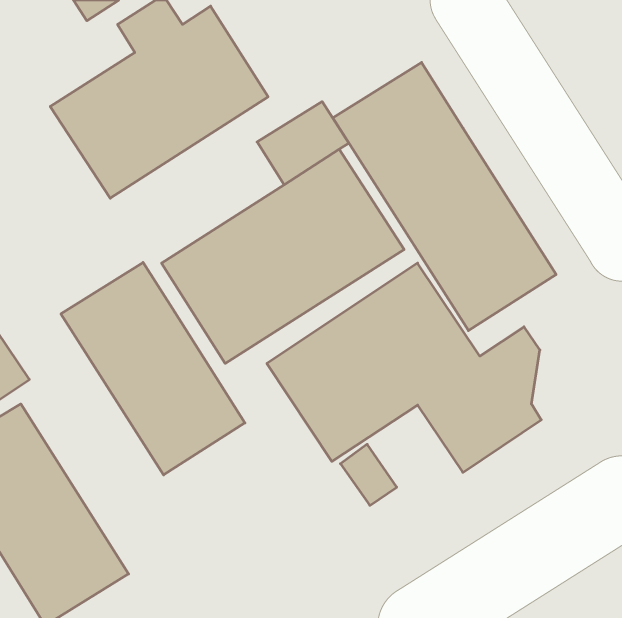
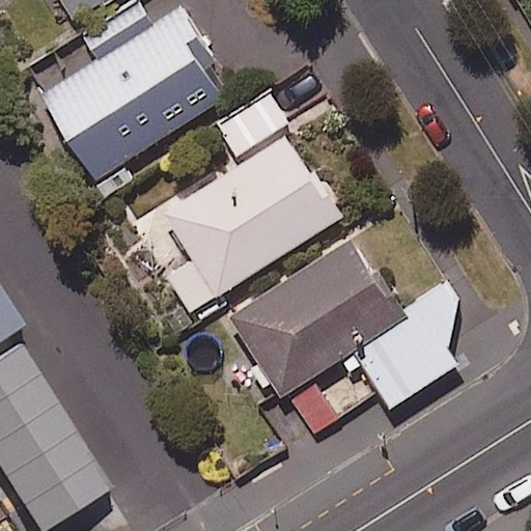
building: [333,62,556,331] -> none
building: [61,262,245,475] -> none

